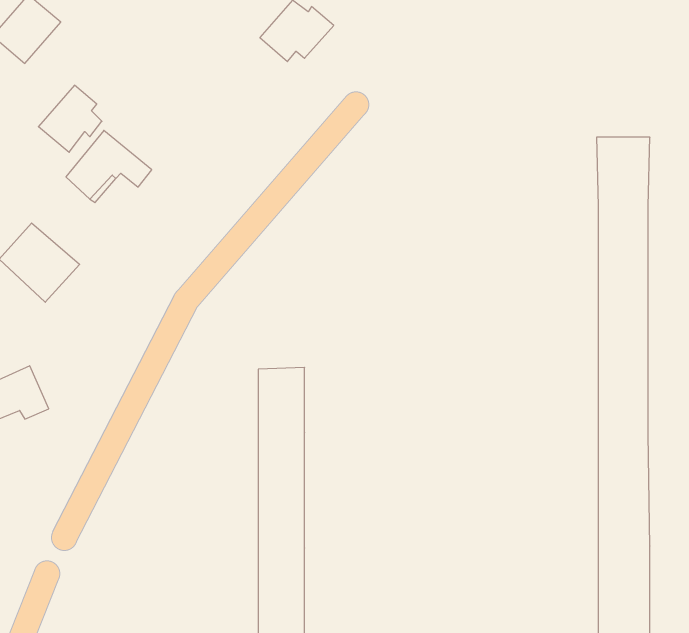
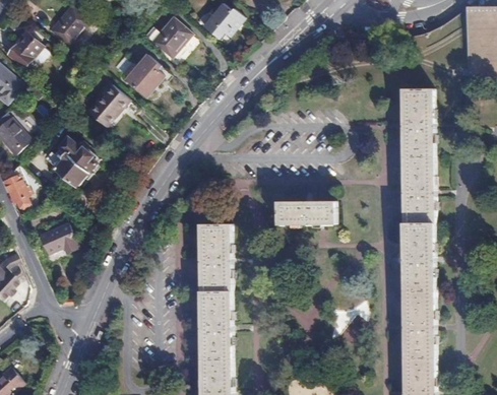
building: none -> [149,17,189,58]
building: [38,85,102,152] -> [124,56,162,95]
building: none -> [274,200,332,222]

